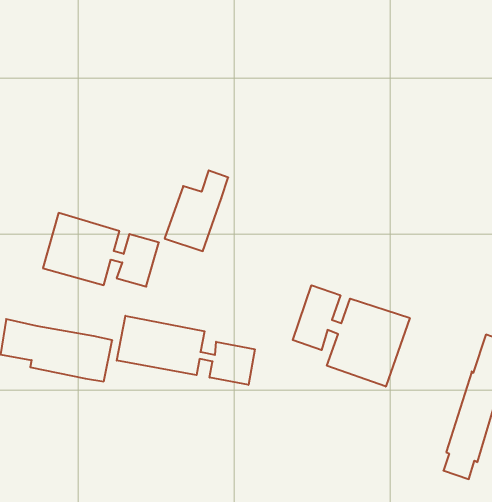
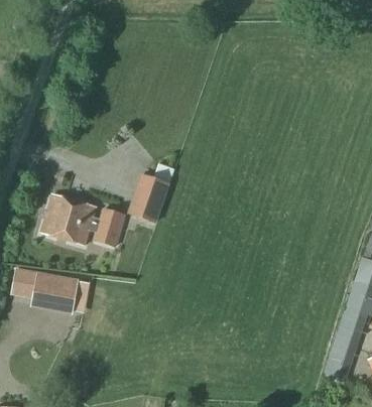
building: [293,285,410,387] -> none
building: [117,316,255,385] -> none

